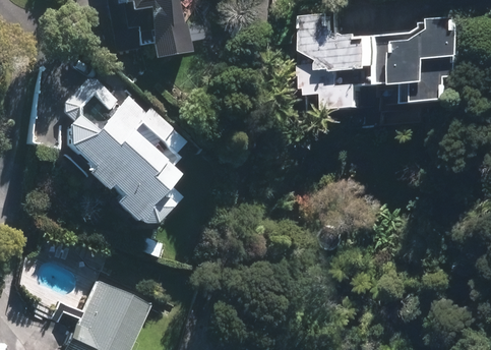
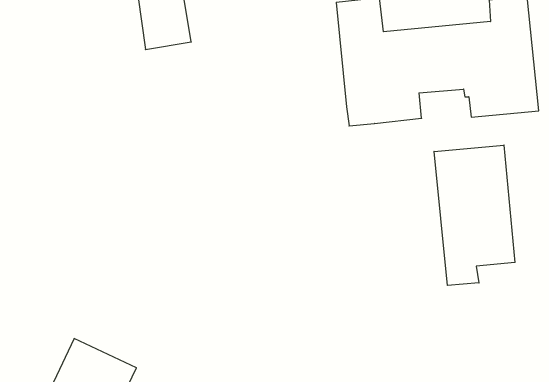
building: [65,77,177,223] -> none
building: none -> [434,145,515,285]

